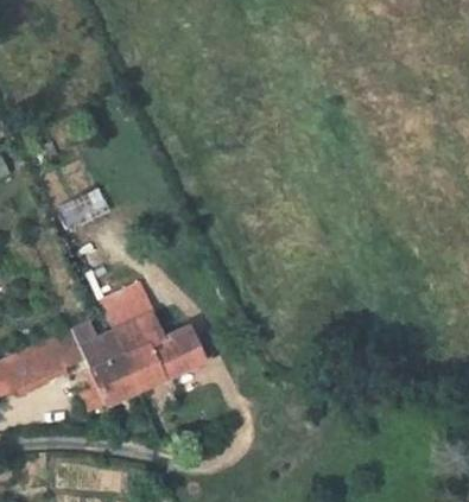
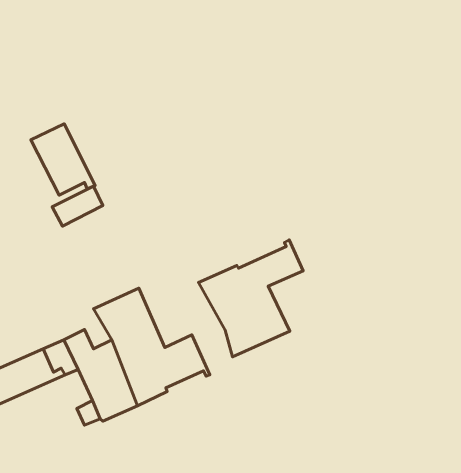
building: none -> [31,124,95,195]
building: none -> [199,240,303,357]

